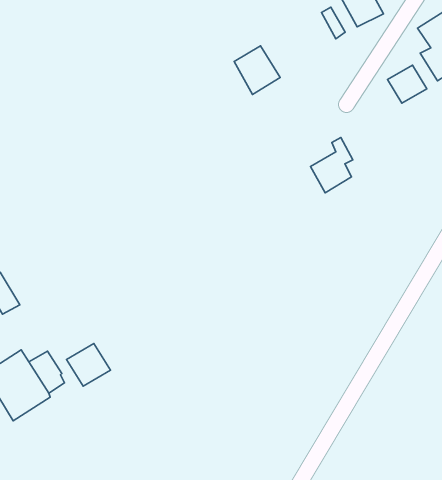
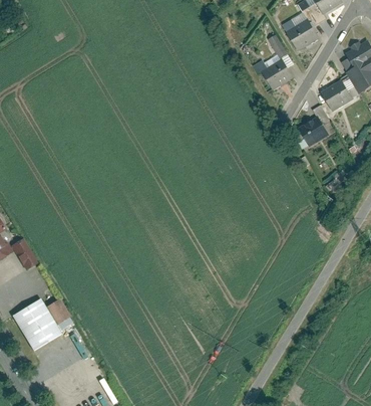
building: [234,46,280,94] -> [256,56,291,93]
building: [311,137,353,193] -> [296,109,328,151]
building: [67,343,111,386] -> none

